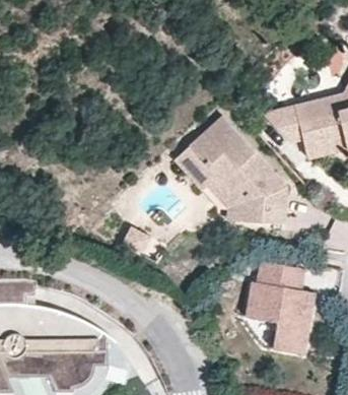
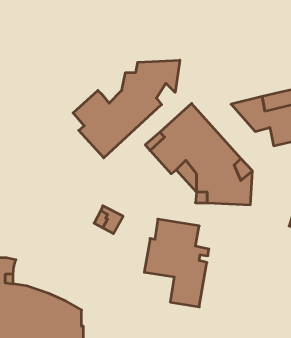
building: none -> [73,60,180,158]
building: [247,261,315,353] -> [144,219,209,307]

